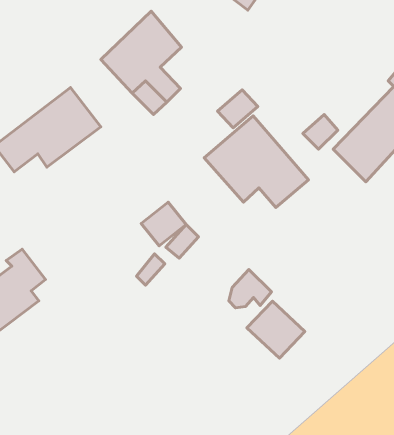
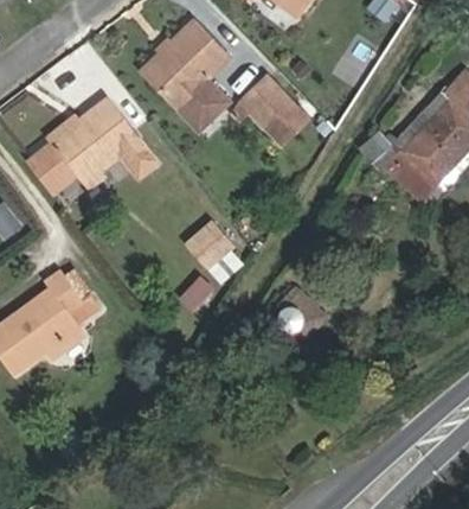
building: none -> [240,76,290,125]
building: [204,116,308,207] -> none
building: [247,301,305,358] -> none

